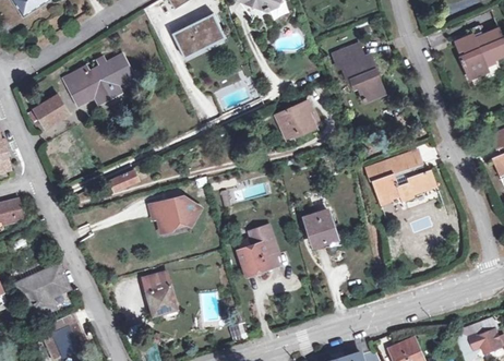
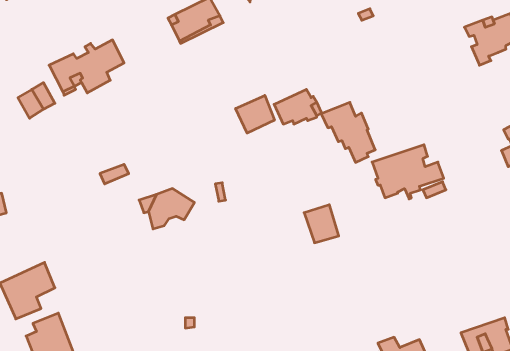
building: [331,44,382,100] -> [321,102,375,162]
building: none -> [236,95,274,133]
building: [240,224,280,274] -> none
building: [144,272,176,314] -> none

